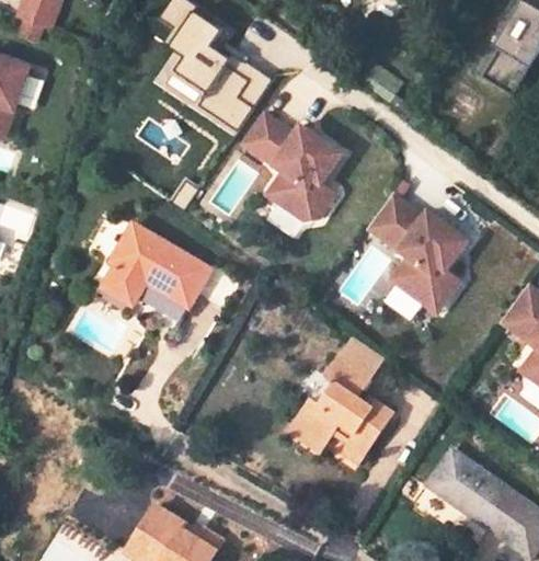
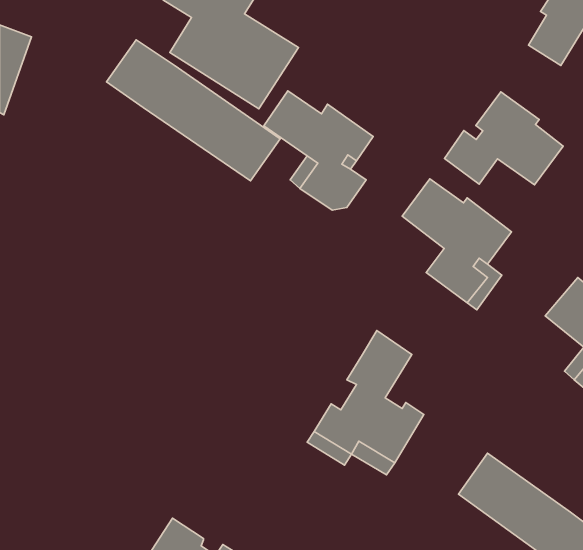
building: none -> [107,40,280,181]
building: none -> [445,92,563,185]
building: [96,227,205,312] -> none

